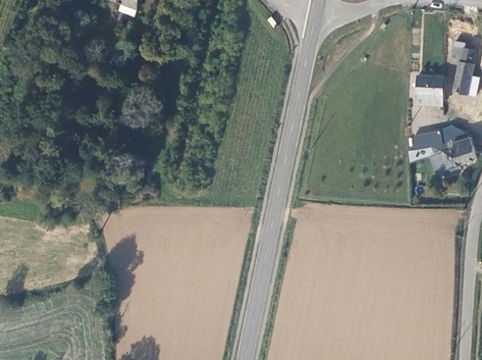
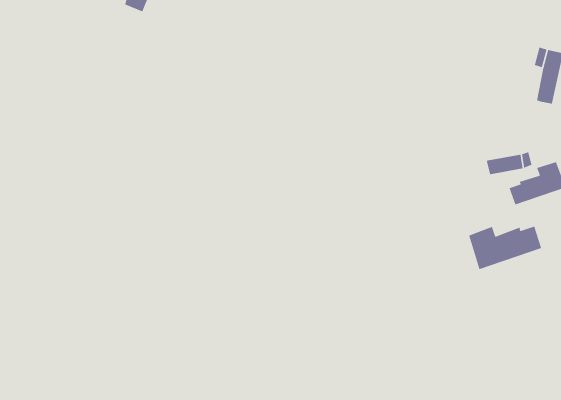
building: [416,76,443,106] -> none
building: none -> [468,225,542,270]

